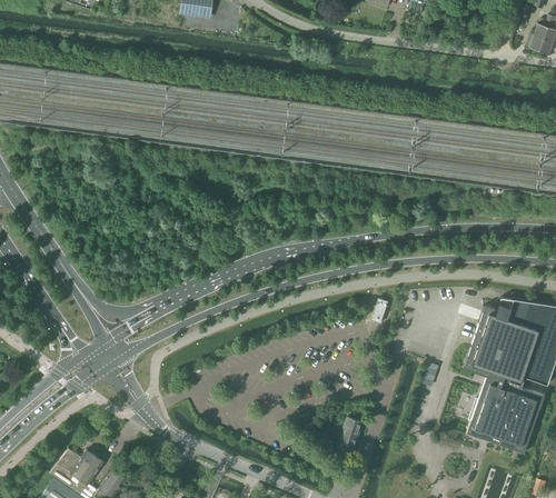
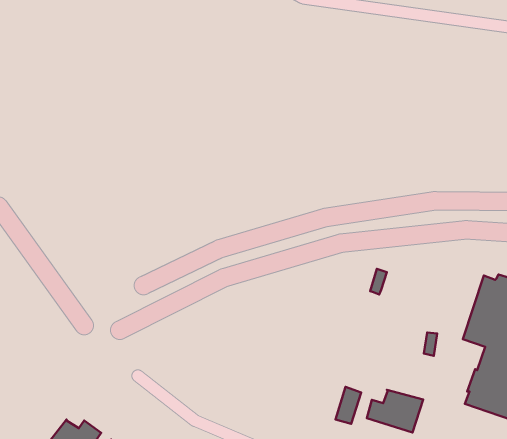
building: none -> [367,390,423,432]

